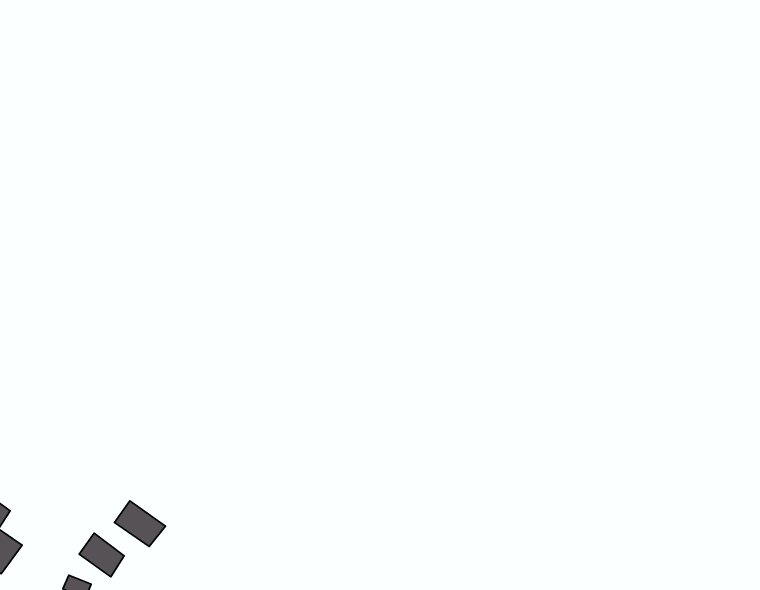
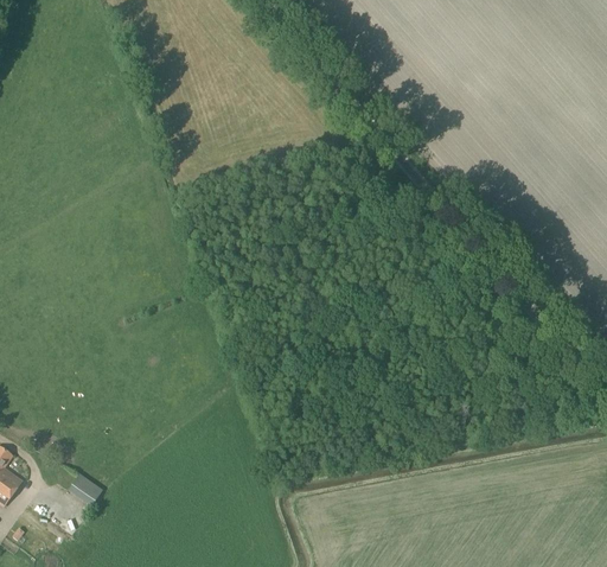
building: [114,501,165,546] -> none

